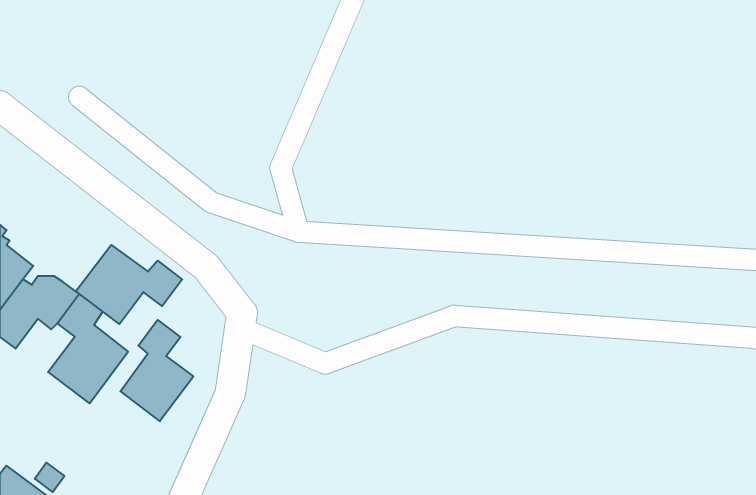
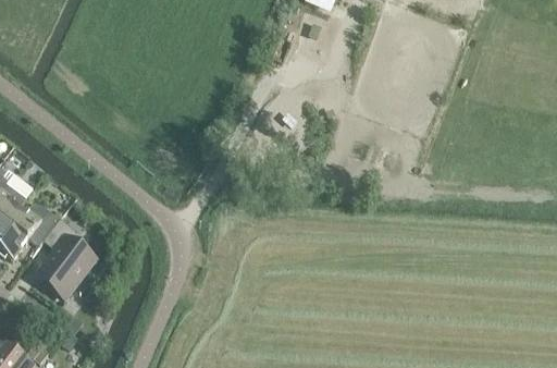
building: [76,245,182,324] -> none
building: [120,320,193,421] -> none

